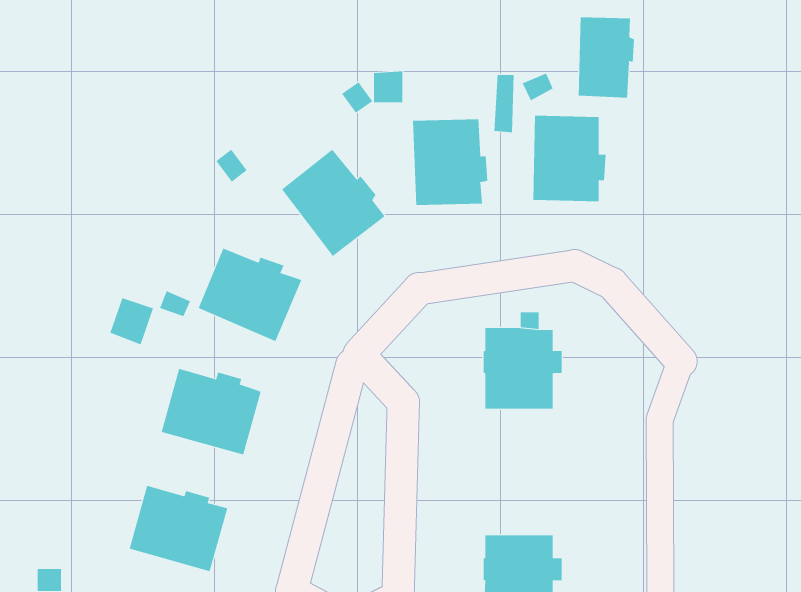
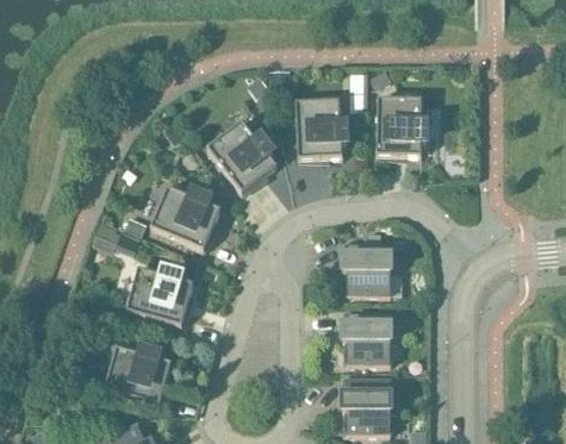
building: [578,16,634,99] -> none
building: none -> [343,311,397,364]

